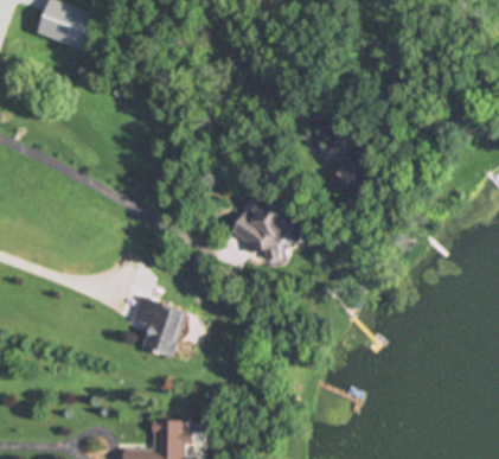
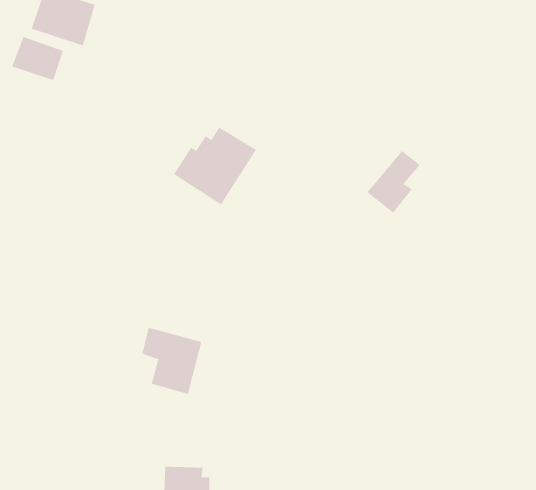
building: none -> [12,36,64,81]
building: [228,193,301,262] -> [173,127,257,205]

